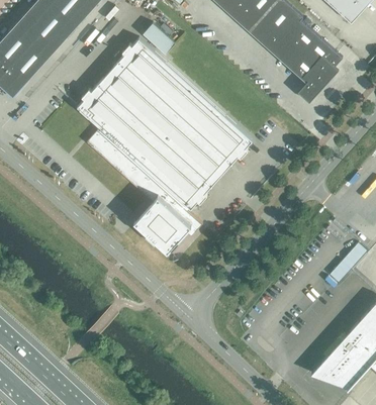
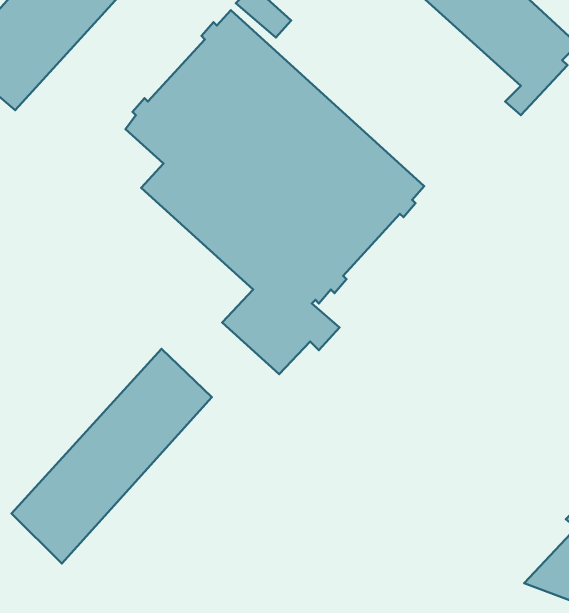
building: none -> [12,349,212,563]

